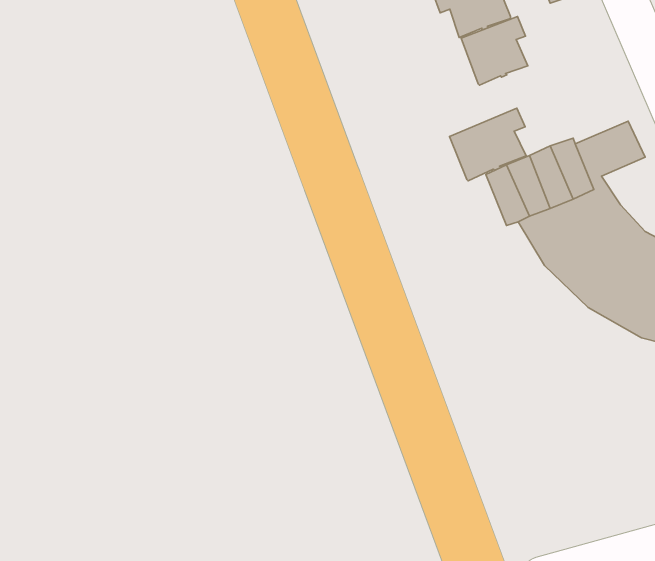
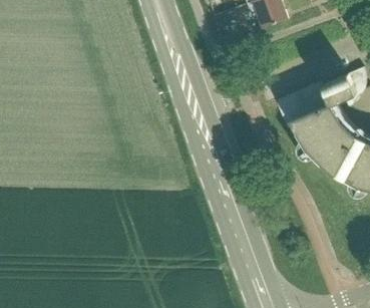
building: [461,17,528,85] -> none
building: [449,108,526,181] -> none

